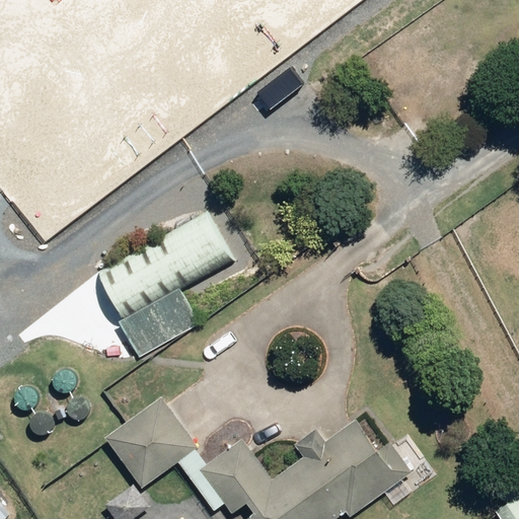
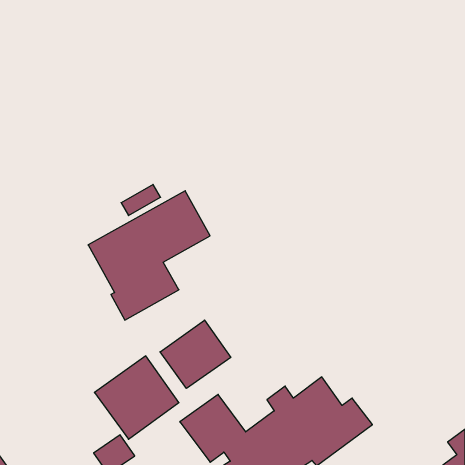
building: none -> [160,320,231,388]

